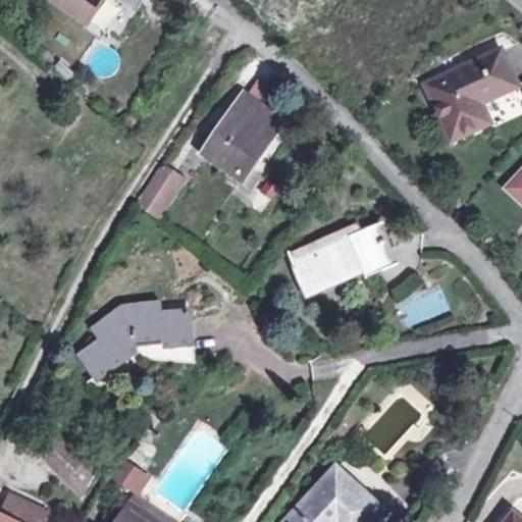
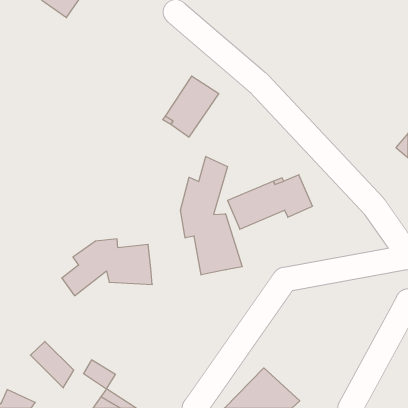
building: [424,49,515,139] -> none
building: [137,167,177,218] -> none
building: none -> [181,156,242,275]

